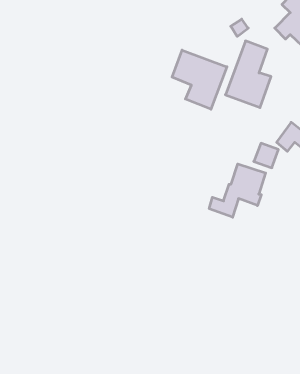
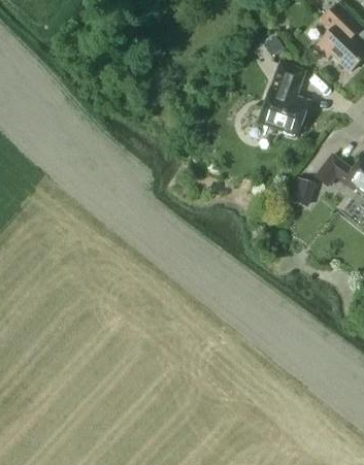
building: [172,50,227,109] -> none
building: [209,164,266,217] -> none

